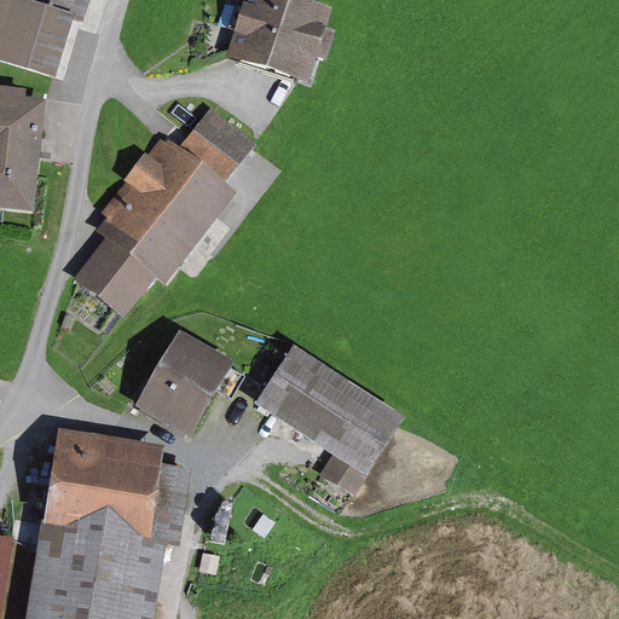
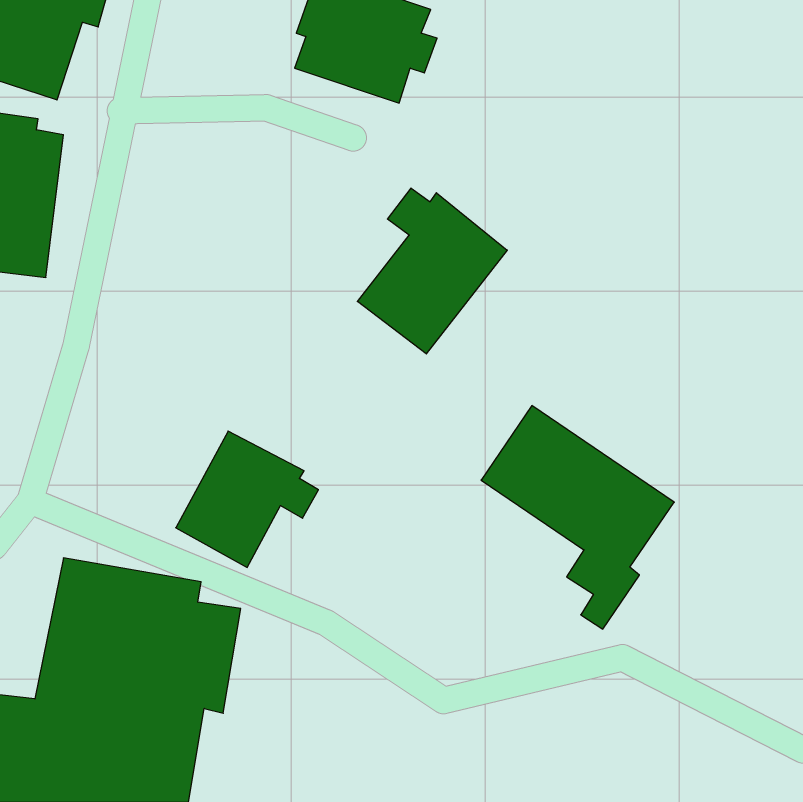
building: [75,108,259,320] -> none
building: none -> [357,188,507,354]
building: [251,341,399,511] -> [481,406,674,629]

